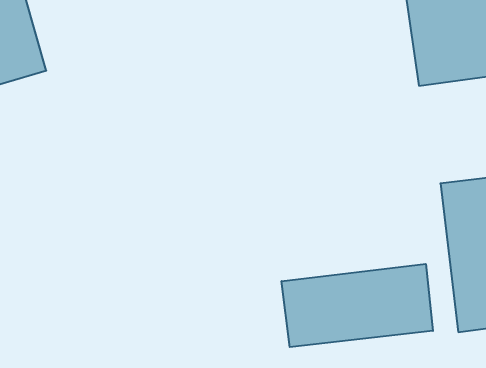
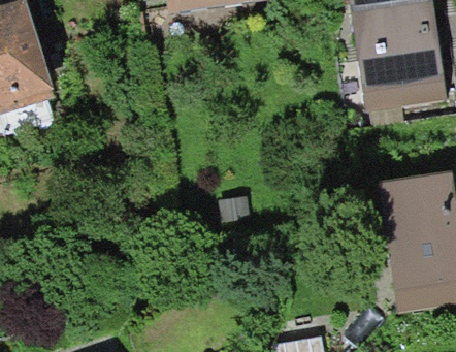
building: [282,264,433,347] -> none

